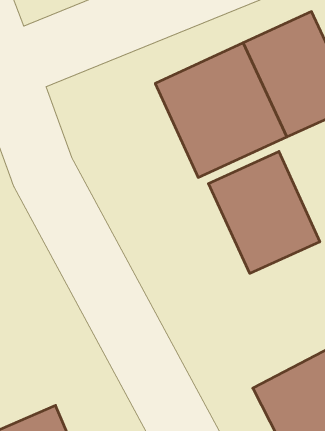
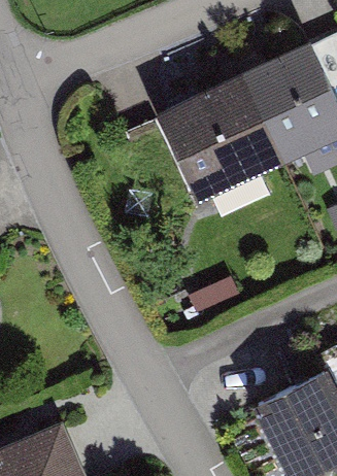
building: [208,151,320,273] -> none

